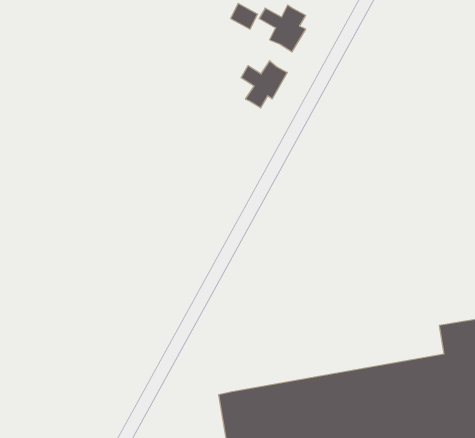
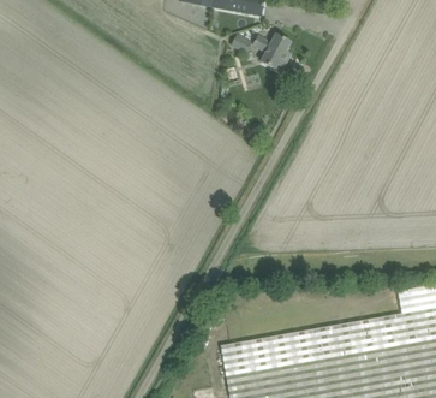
building: [241,61,287,108] -> none

